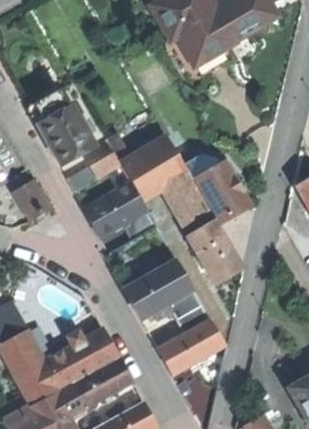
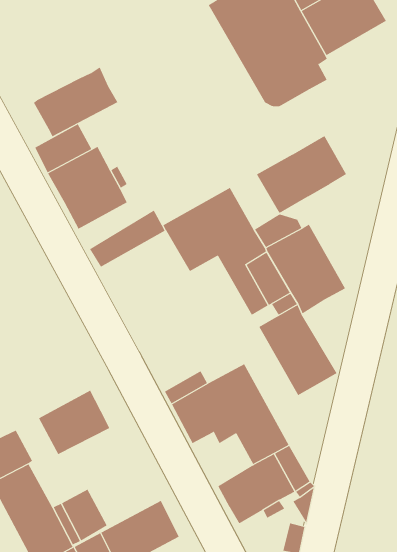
building: none -> [33,67,118,137]
building: none -> [256,135,347,214]
building: [11,179,50,222] -> none
building: [84,183,145,235] -> none
building: [65,330,116,376] -> [38,390,110,455]

